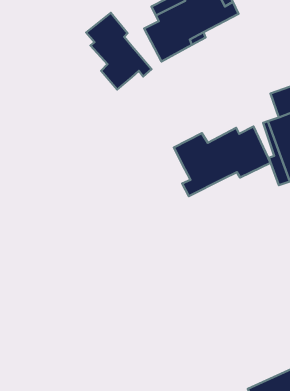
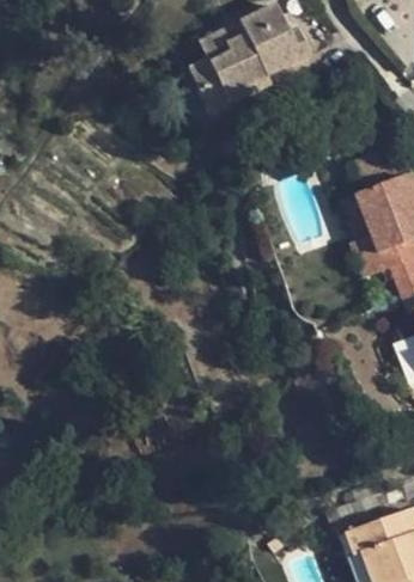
building: [86,13,152,89] -> none
building: [174,126,271,196] -> none

